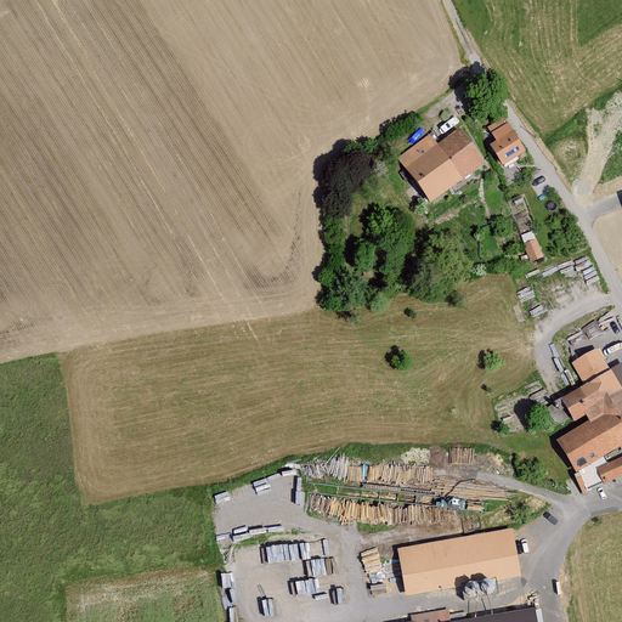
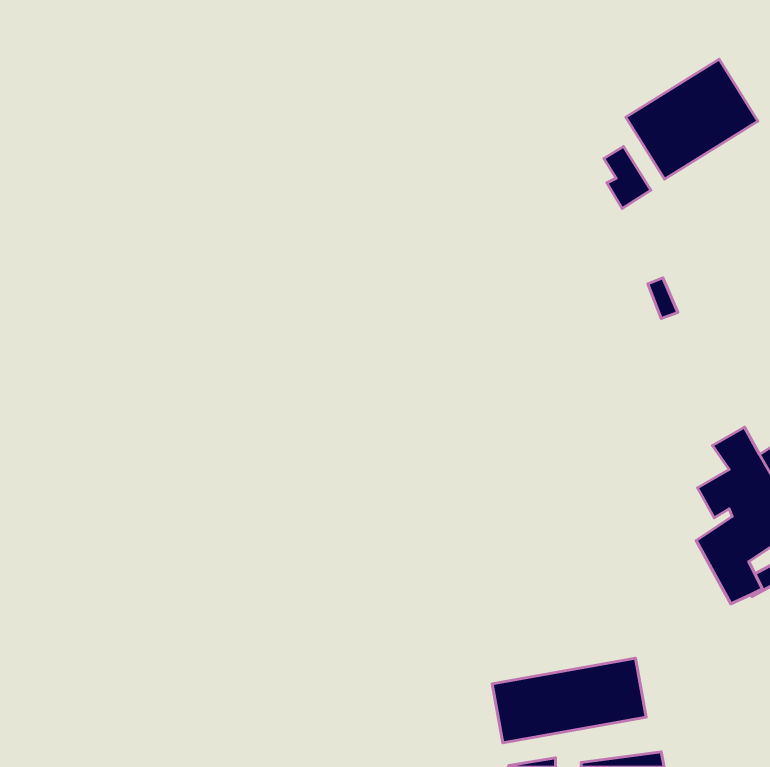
building: none -> [626,59,758,179]
building: [397,130,484,204] -> none

